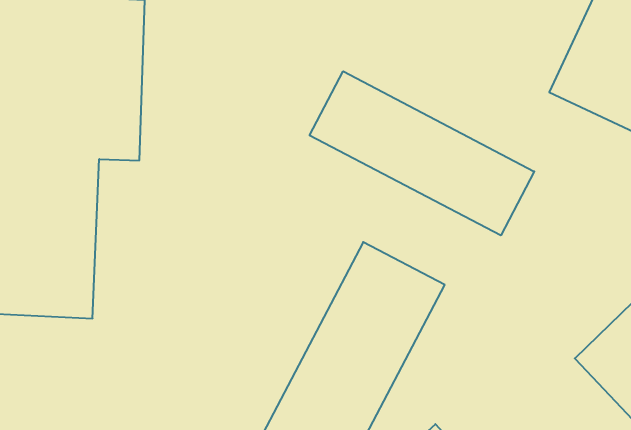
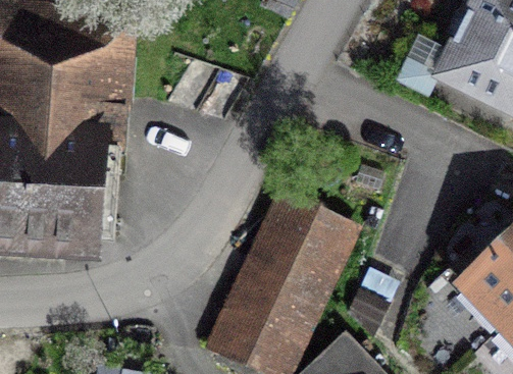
building: [310,71,534,235] -> none

